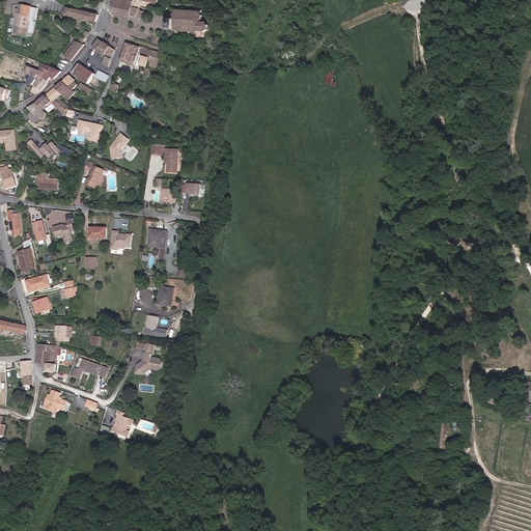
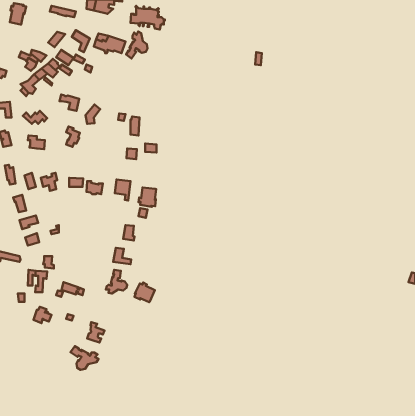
building: none -> [126,32,148,58]
building: none -> [138,187,156,207]
building: none -> [134,282,155,302]
building: none -> [71,346,98,370]

